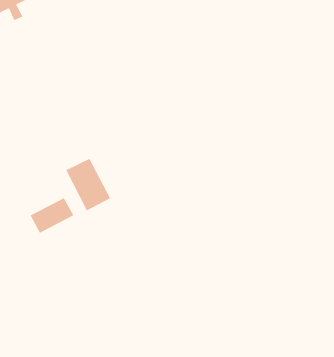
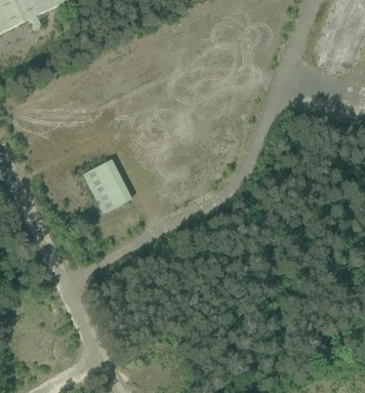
building: [30,197,75,234] -> none

